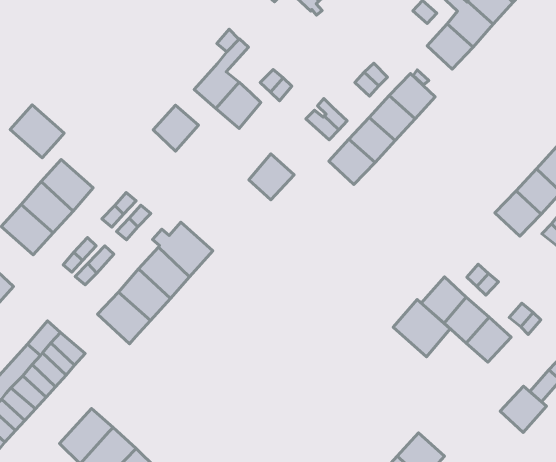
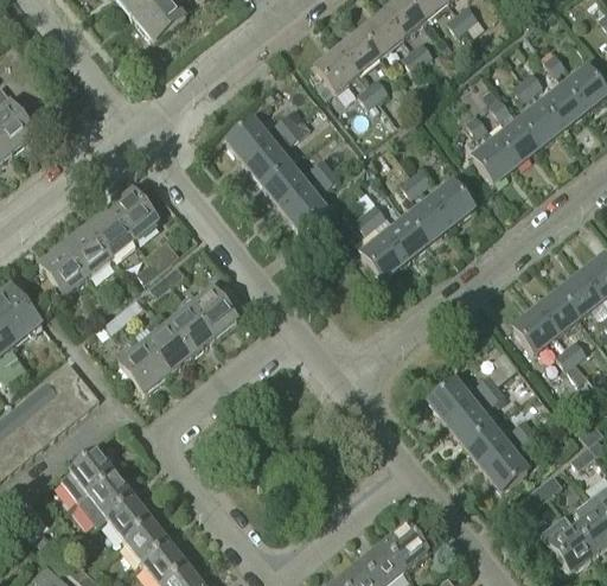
building: [10,105,64,158] -> [107,187,158,240]
building: [153,105,198,151] -> [226,117,270,161]
building: [249,154,294,200] -> [281,184,325,228]
building: [393,299,450,357] -> none
building: [500,386,546,432] -> [483,446,528,490]

